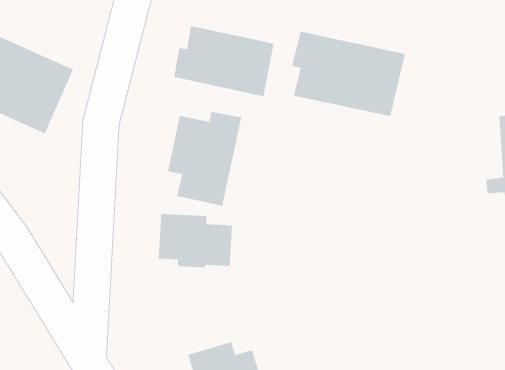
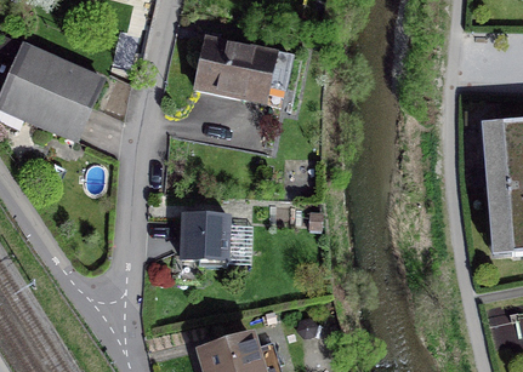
building: [291,31,405,117] -> none
building: [167,111,242,207] -> none

